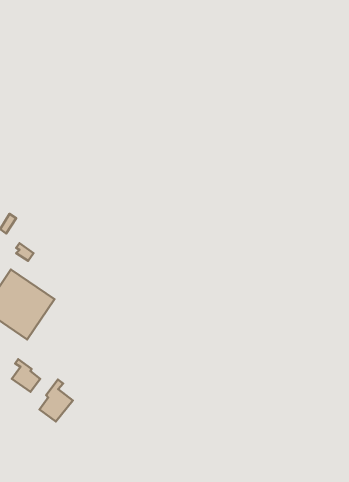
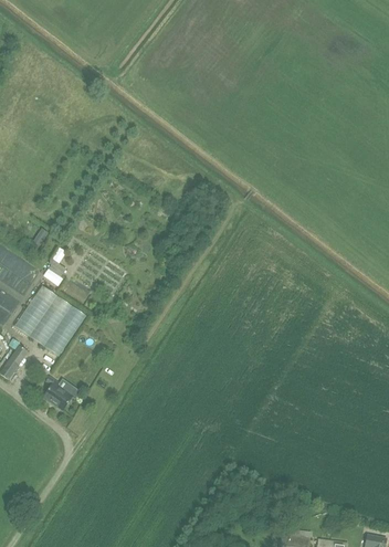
building: [40,380,73,422] -> none

